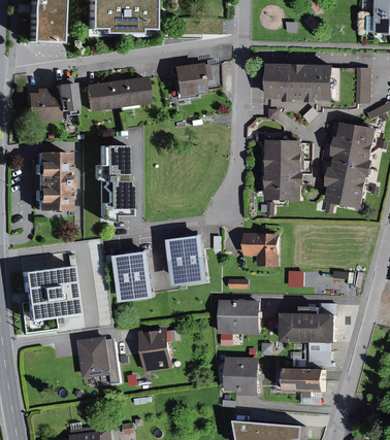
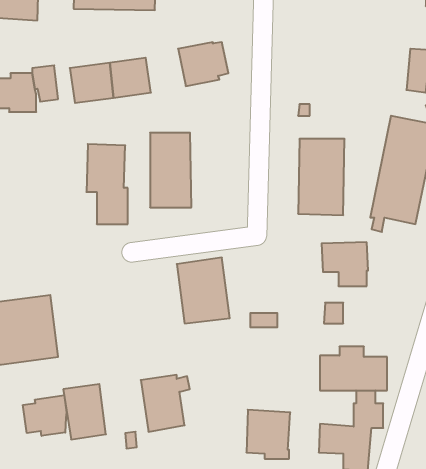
building: [266,65,334,102] -> none
building: [34,151,67,211] -> [150,133,191,207]
building: [241,231,279,266] -> [322,242,368,286]
building: [115,250,154,299] -> none
building: [219,297,261,335] -> none
building: none -> [23,395,67,436]

